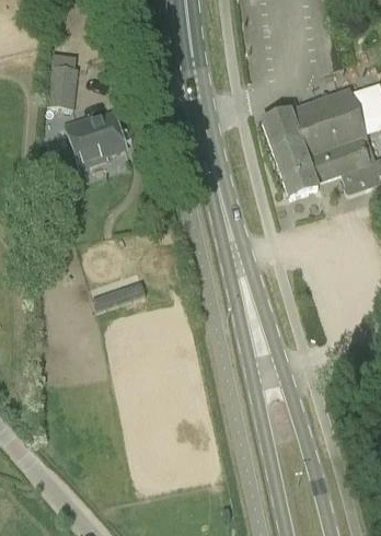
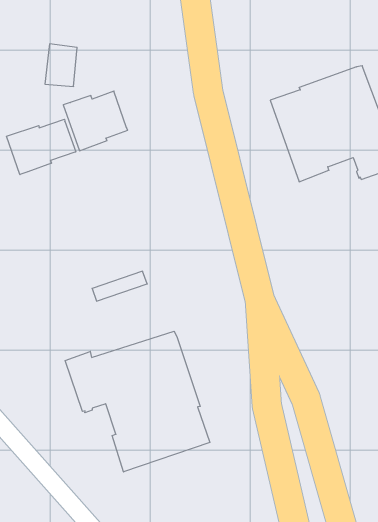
building: none -> [6,119,76,175]
building: none -> [65,331,210,472]

